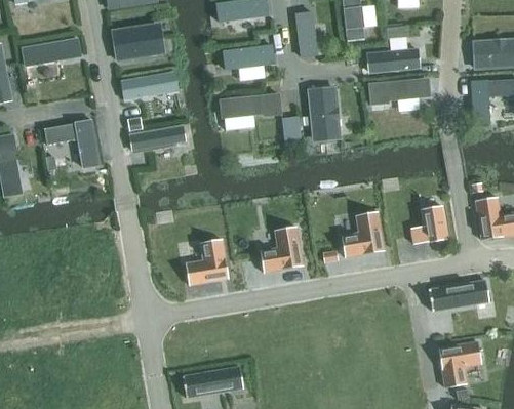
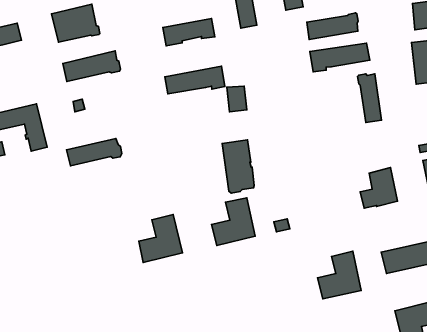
building: [309,88,339,140] -> [222,140,254,193]
building: none -> [357,74,382,122]
building: [130,126,186,151] -> [66,139,122,166]
building: [341,211,384,257] -> [318,251,361,299]

